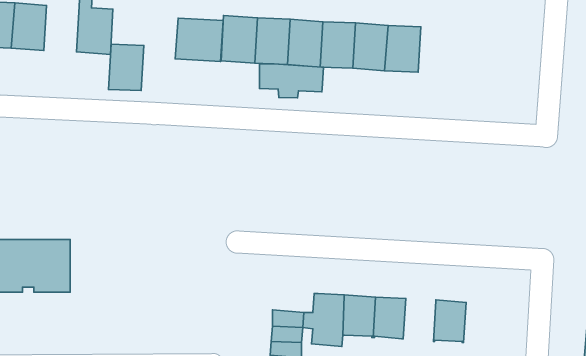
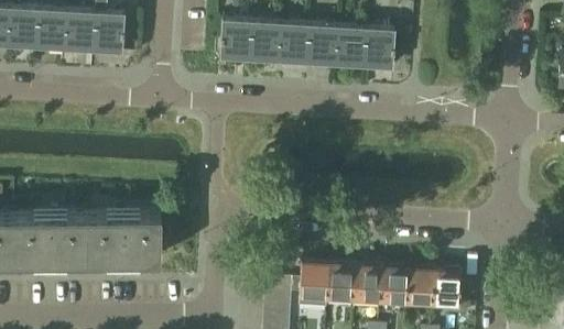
building: [175,18,223,61] -> none
building: [109,44,144,91] -> [64,10,95,51]
building: [260,64,323,98] -> none
building: none -> [87,213,161,261]
building: none -> [379,266,408,304]
building: none -> [432,270,460,306]

